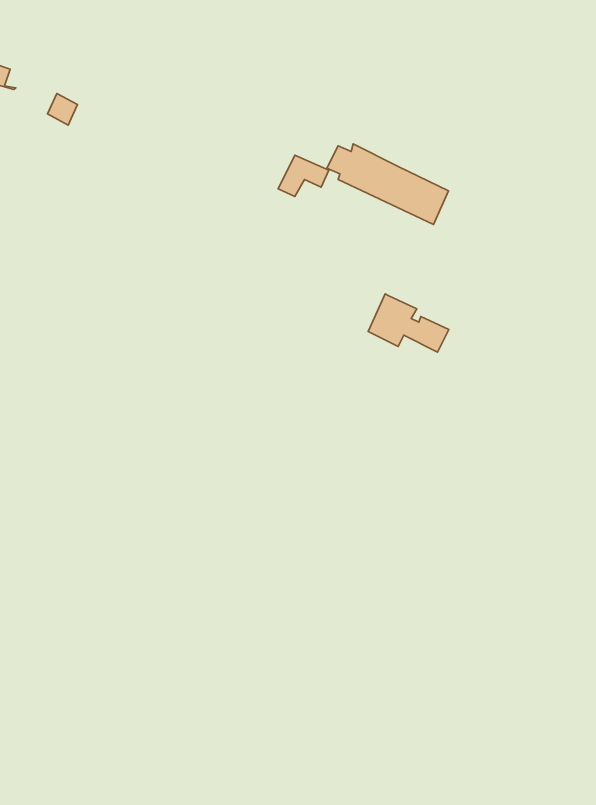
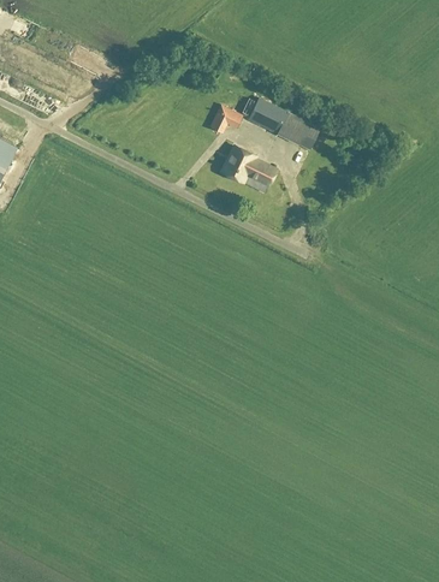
building: [368,294,449,352] -> [223,147,274,184]

